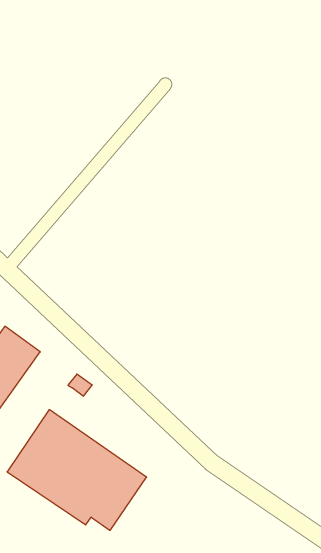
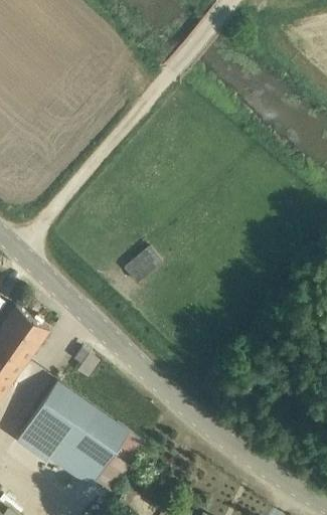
building: none -> [123,248,161,284]

